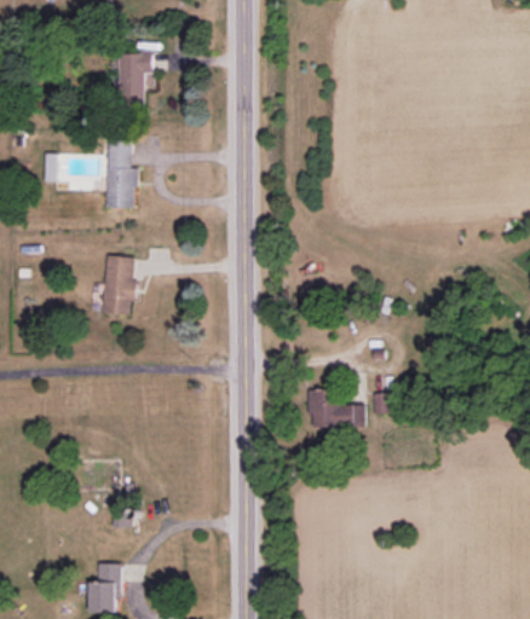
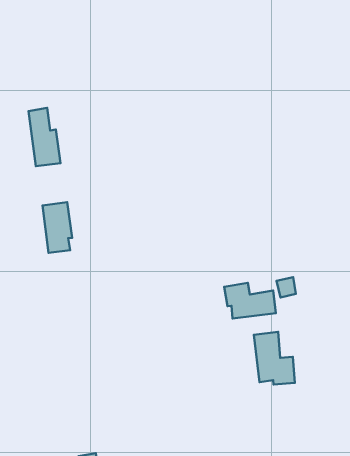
building: [117,51,152,105] -> none
building: none -> [254,332,295,385]

